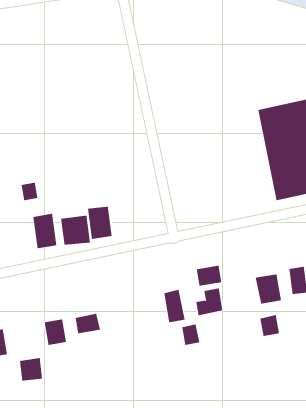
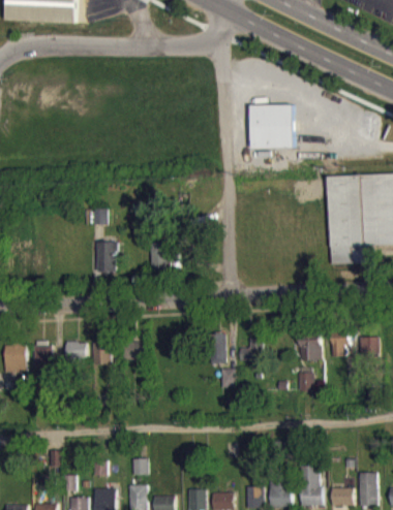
building: none -> [250,105,294,149]
building: [61,215,91,245] -> none
building: [196,265,222,287] -> none
building: [19,357,43,381] -> [65,342,87,362]

